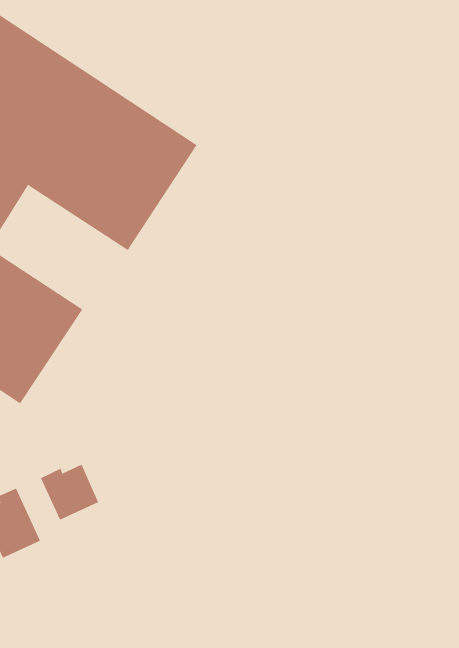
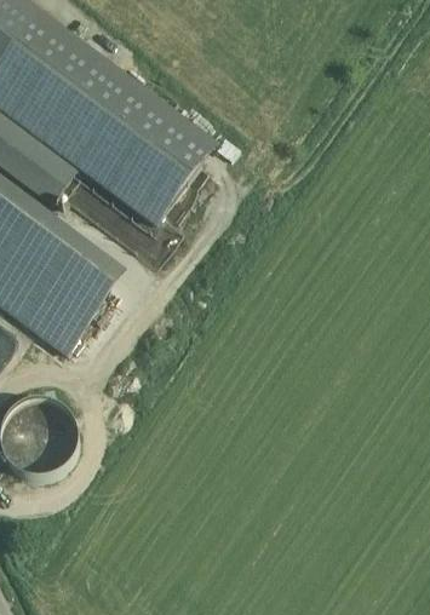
building: [40,464,99,520] -> none

